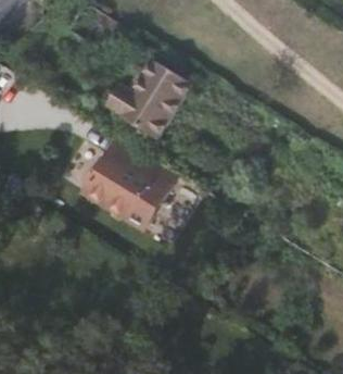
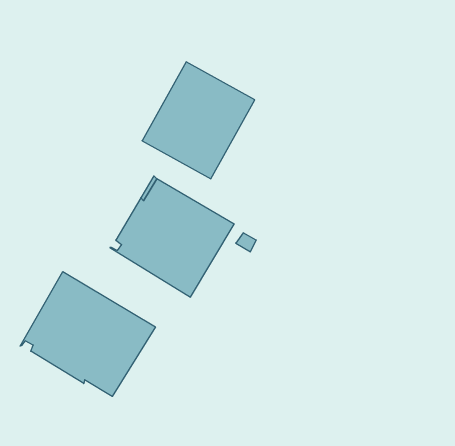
building: none -> [20,272,155,396]

